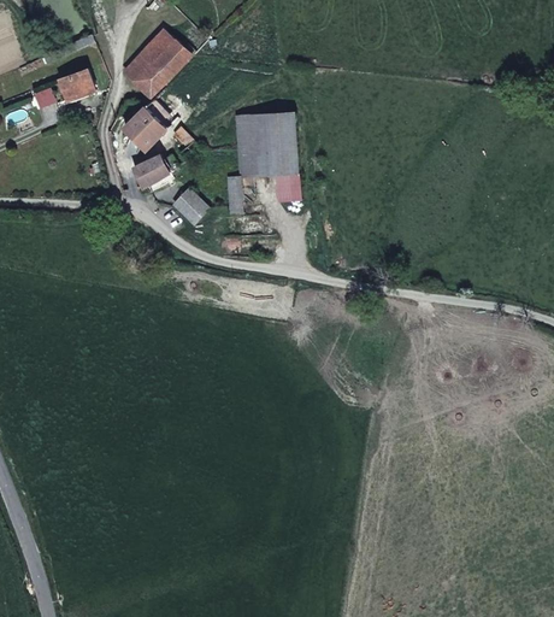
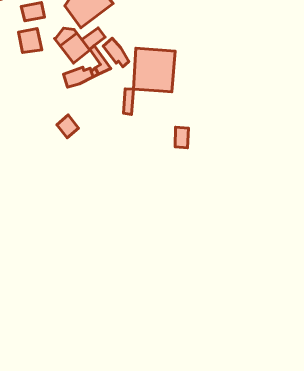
building: none -> [103,38,129,67]
building: none -> [18,28,42,53]
building: [277,172,299,202] -> [175,127,189,148]
building: [176,190,208,224] -> [57,115,79,138]

